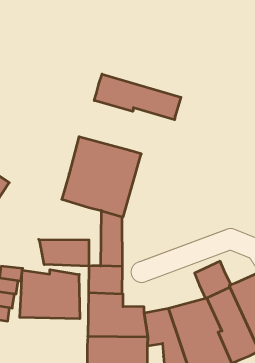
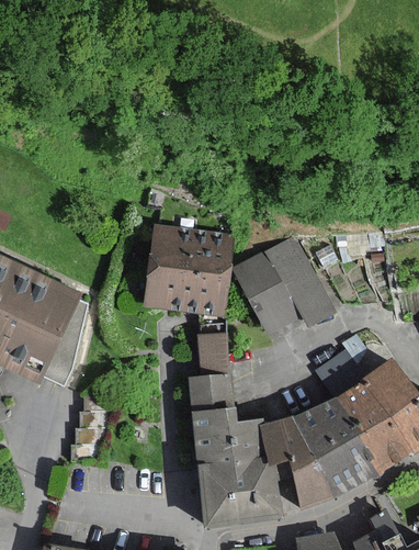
building: [94,74,181,120] -> none
building: none -> [238,237,337,330]
building: [39,239,89,266] -> none
building: [20,270,80,319] -> none

